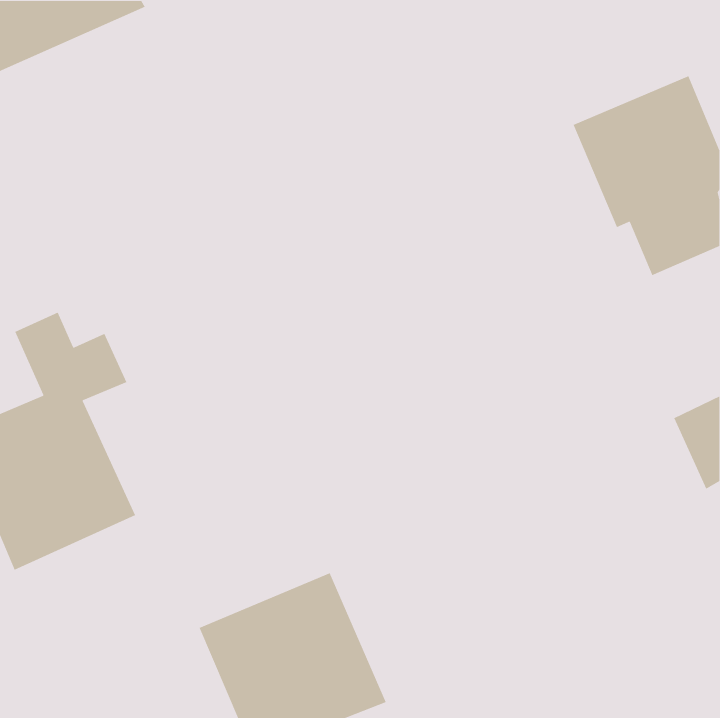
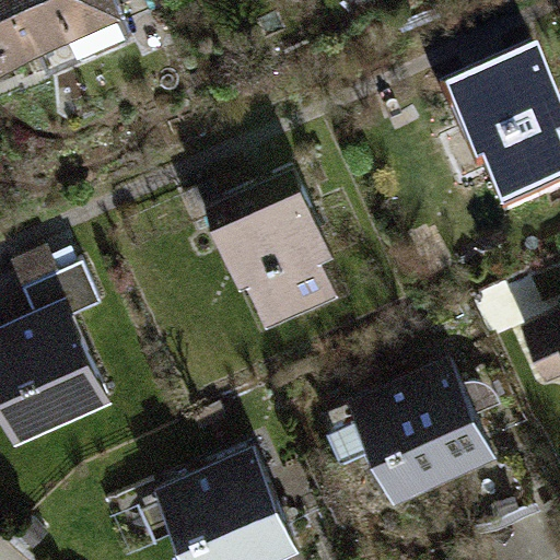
building: none -> [209,180,338,329]
building: none -> [350,355,494,501]

